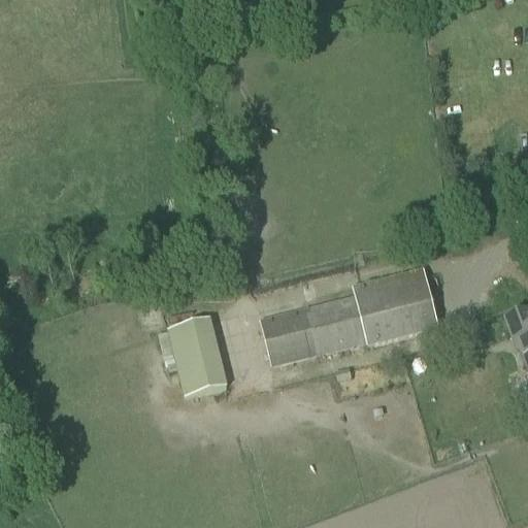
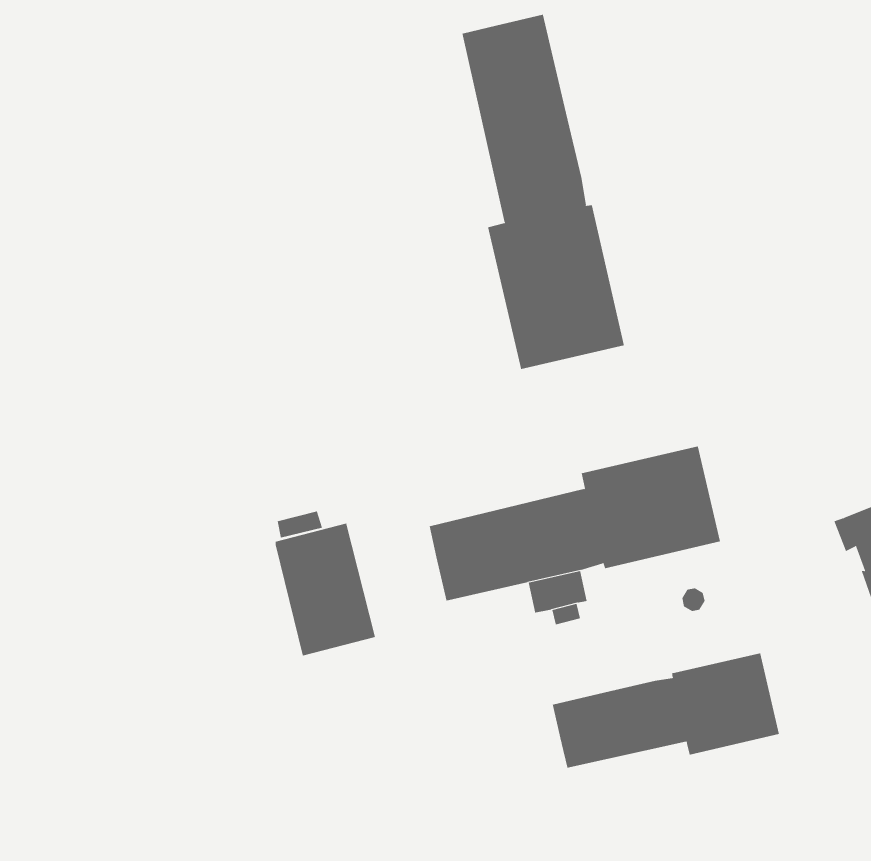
building: none -> [462,14,625,370]
building: none -> [552,653,779,769]

